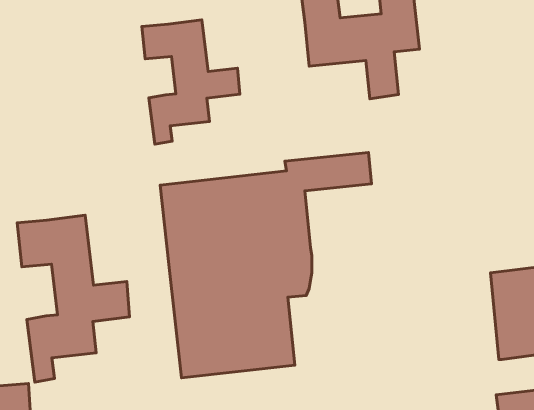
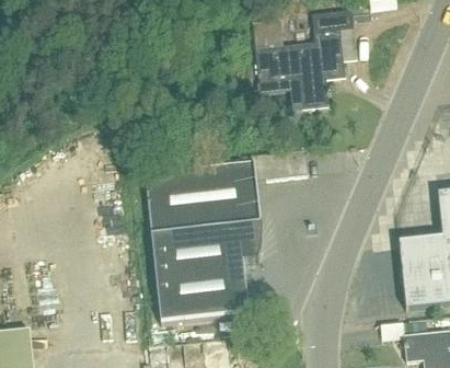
building: [142,20,240,144] -> none
building: [17,215,130,382] -> none

